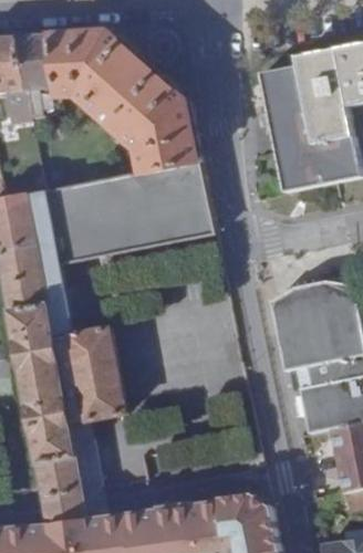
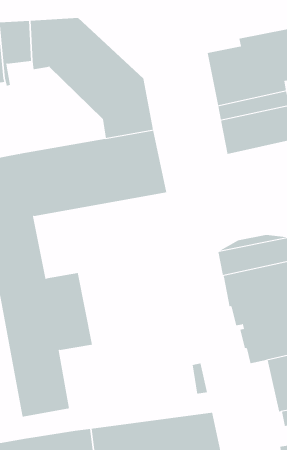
building: [44,488,105,522] -> none

